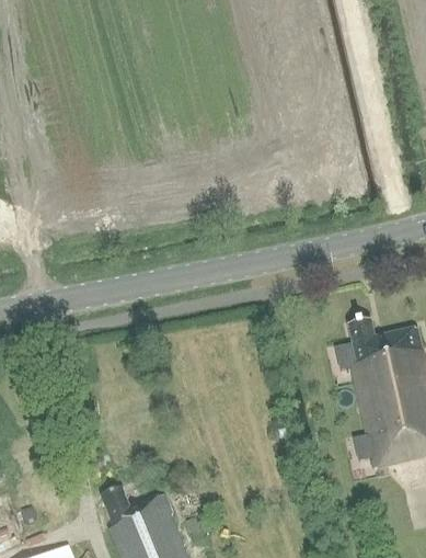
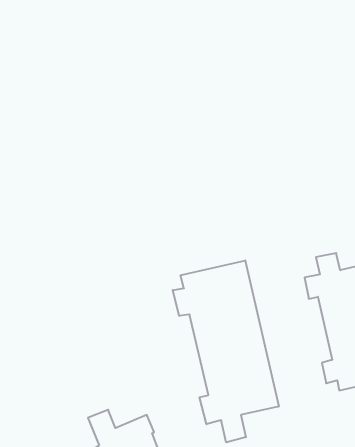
building: none -> [173,260,279,442]

